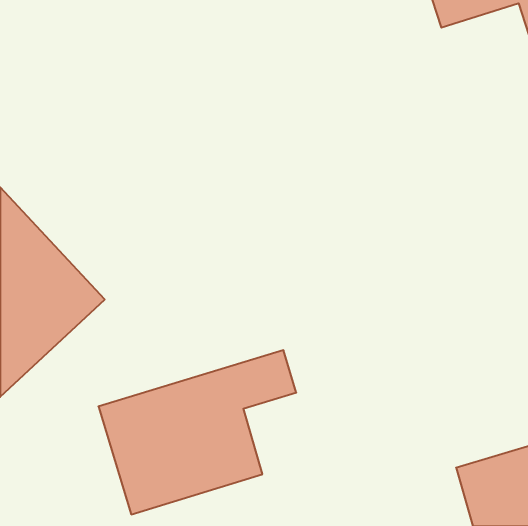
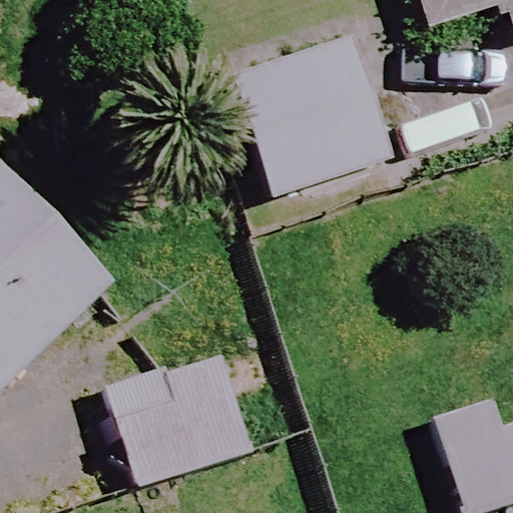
building: none -> [230,38,389,195]

